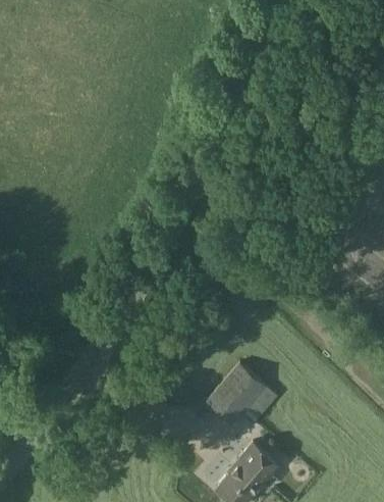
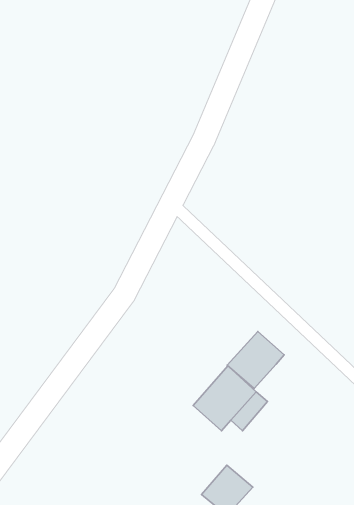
building: none -> [227,332,284,388]
building: [240,442,279,485] -> none

